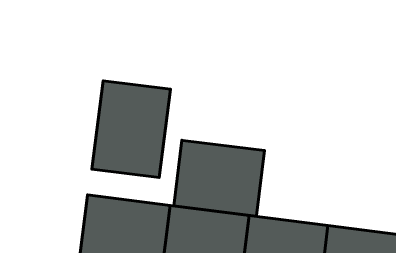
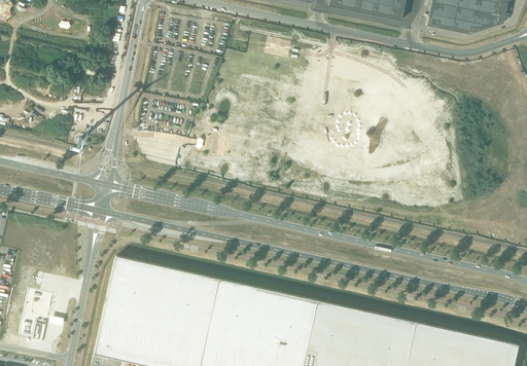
building: [92,81,170,177] -> none
building: [174,140,264,216] -> none

